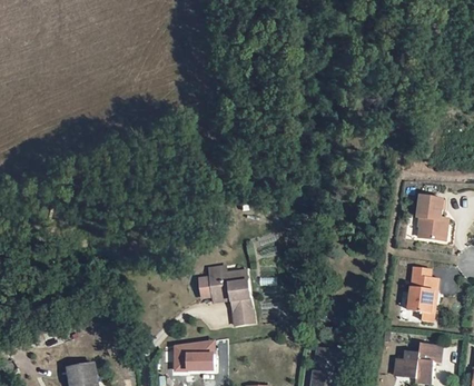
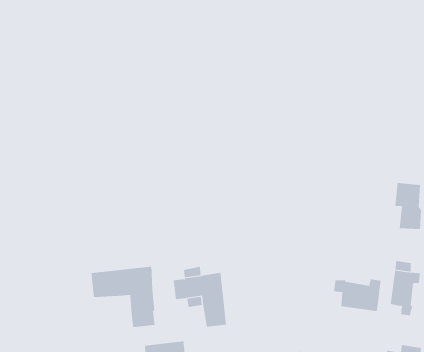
building: none -> [91,266,155,328]
building: none -> [333,278,381,312]

